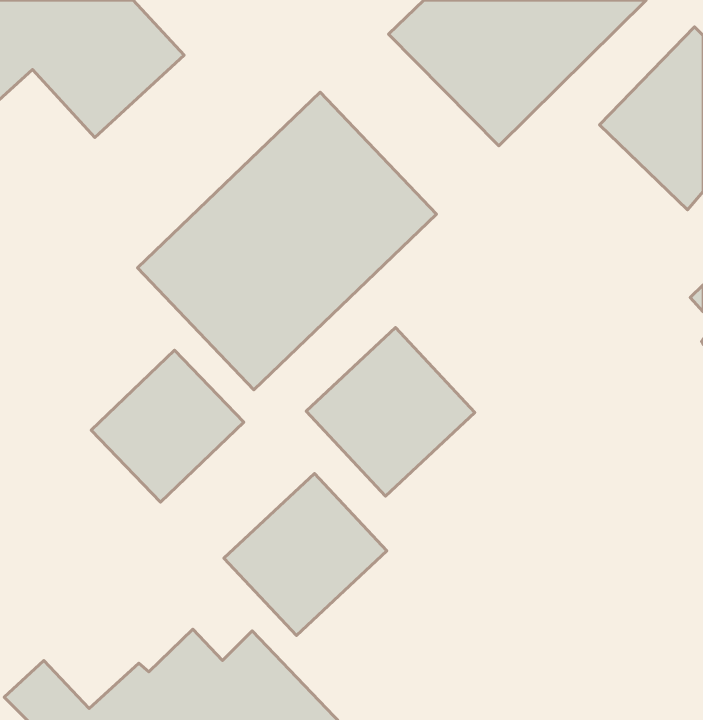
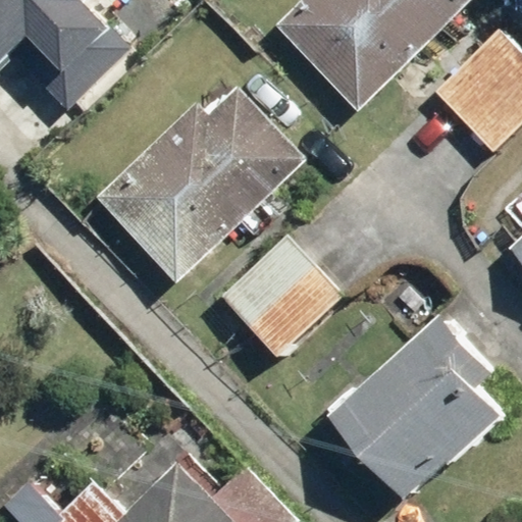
building: [91,350,244,502] -> none
building: none -> [323,314,490,502]
building: [224,474,387,636] -> none

